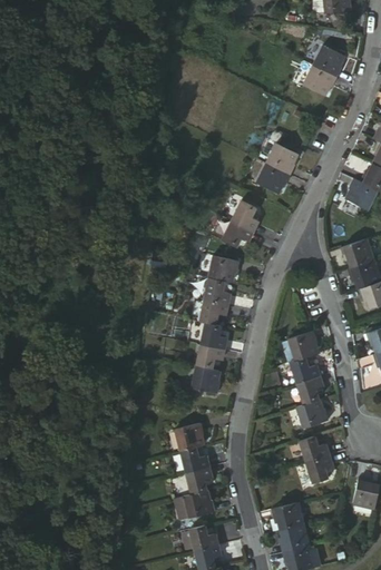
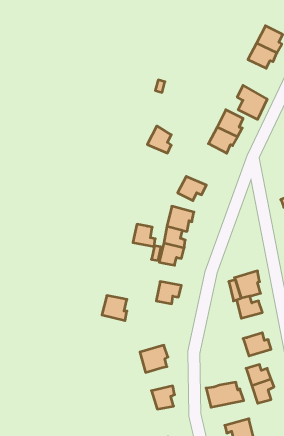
building: none -> [237,85,267,119]
building: [229,200,257,232] -> [147,126,171,153]
building: [199,322,225,347] -> [133,224,155,247]
building: [189,365,218,394] -> [102,296,127,321]
building: [293,379,320,407] -> none
building: [183,442,214,469] -> none
building: [180,487,224,515] -> [206,382,244,407]

